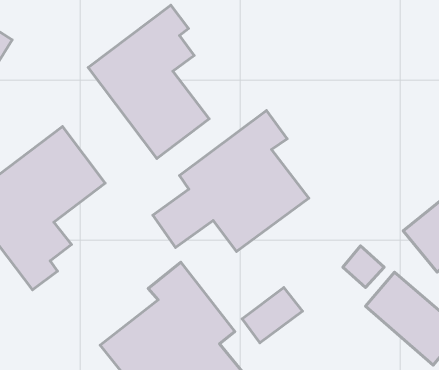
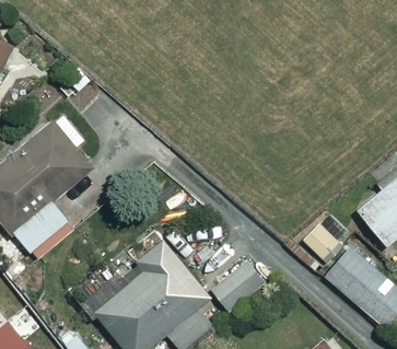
building: [88,5,209,158] -> none
building: [153,110,309,252] -> none

